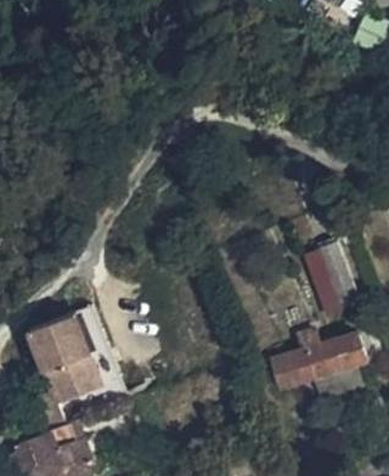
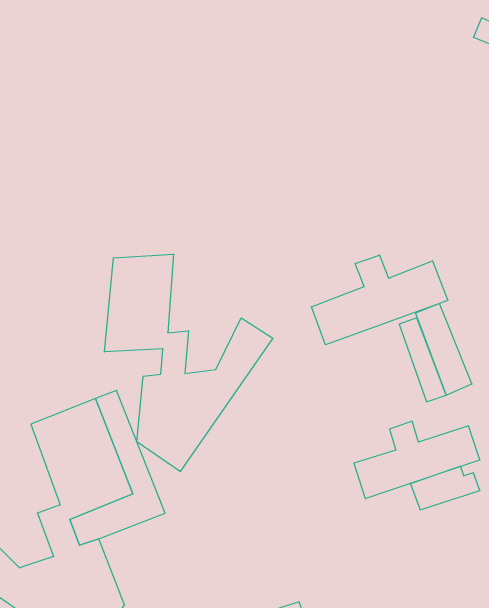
building: none -> [104,254,273,472]
building: none -> [311,255,448,345]

